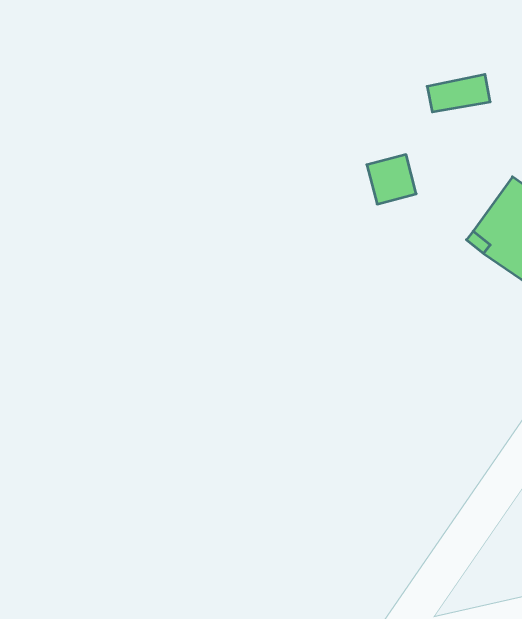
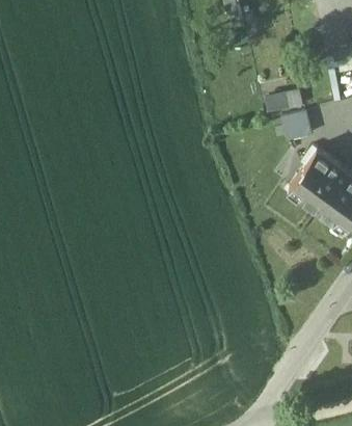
building: [367,155,416,204] -> [282,111,313,141]

